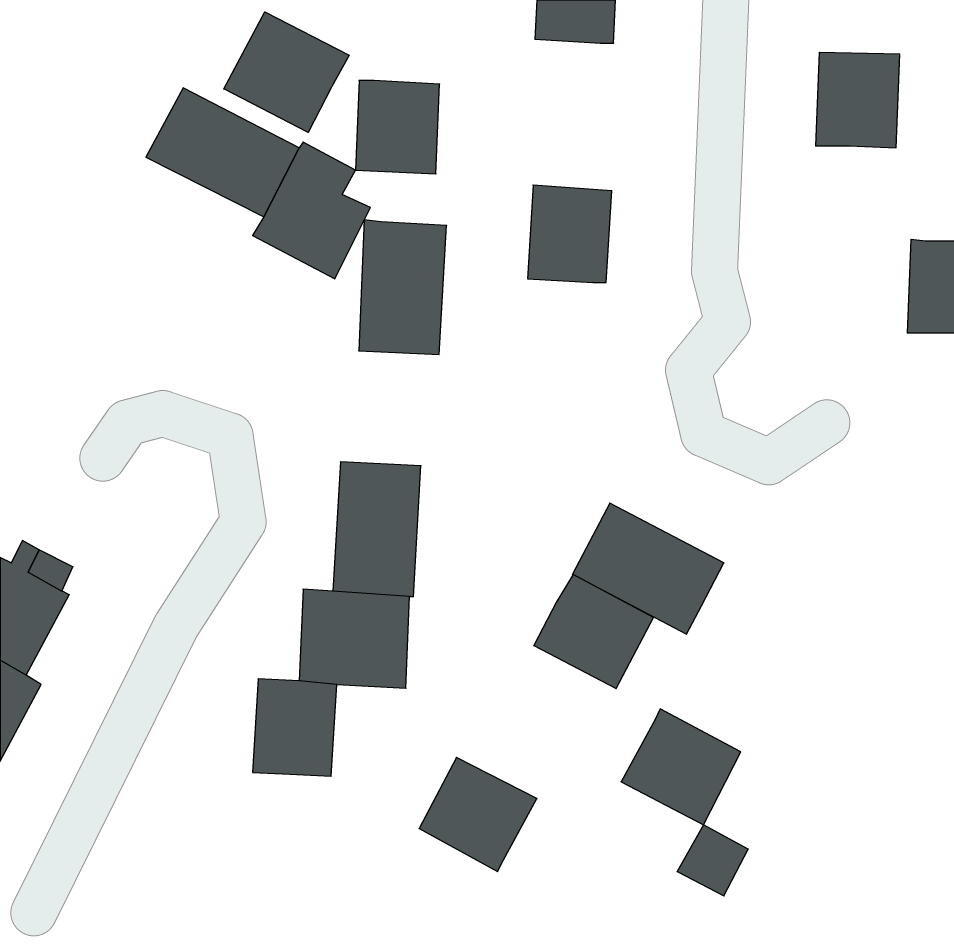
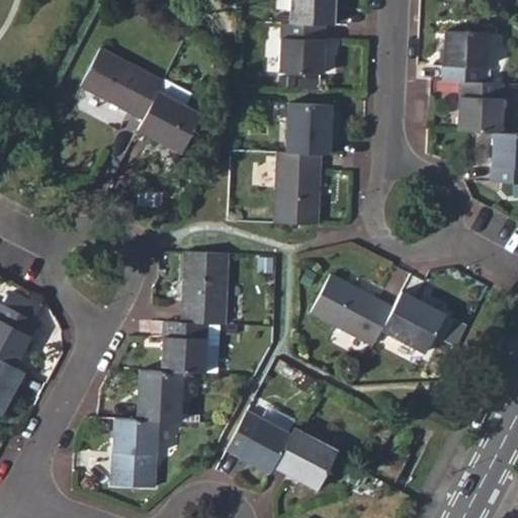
building: [224,12,349,132] -> none
building: [355,80,440,174] -> [280,23,326,74]
building: none -> [459,81,504,133]
building: [359,220,447,354] -> [274,152,322,225]
building: [534,575,653,689] -> [380,291,445,353]
building: [621,709,741,825] -> [273,428,338,491]
building: none -> [111,419,158,488]

